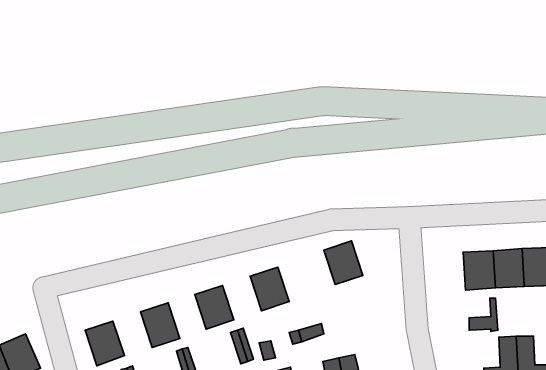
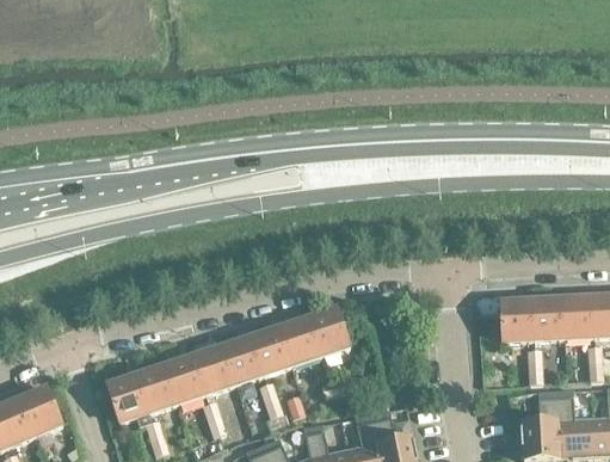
building: [324,241,363,285] -> [308,308,349,353]
building: none -> [251,327,291,372]
building: none -> [195,346,234,392]
building: none -> [137,364,178,409]

